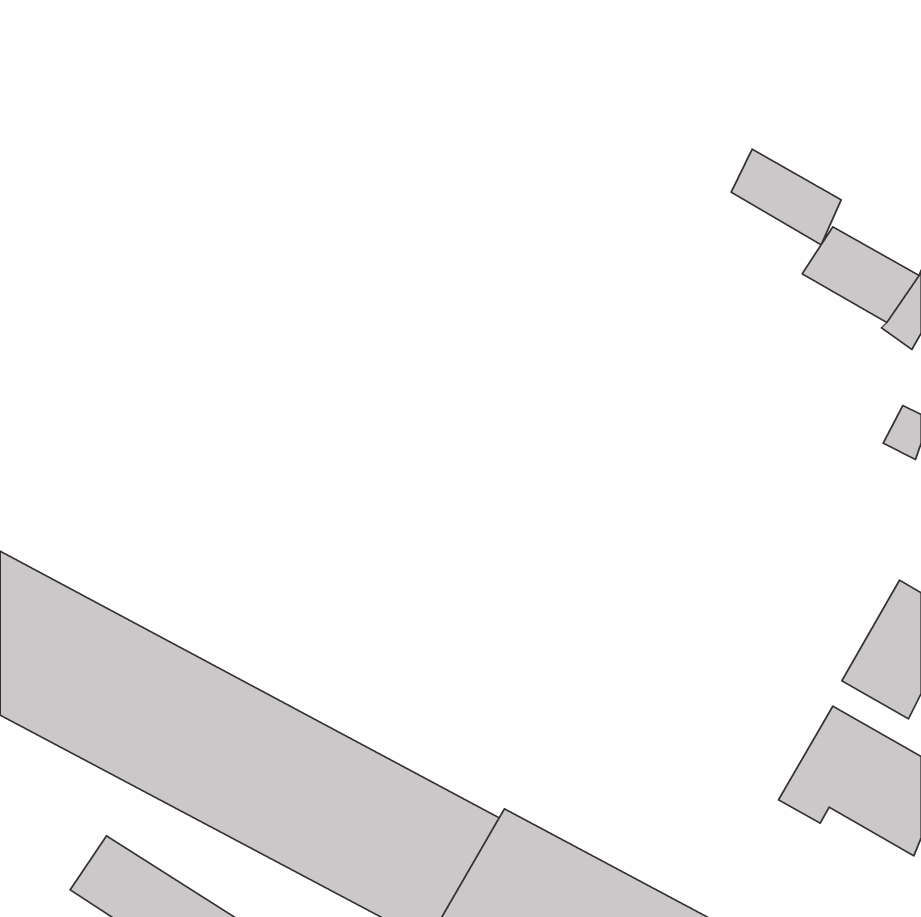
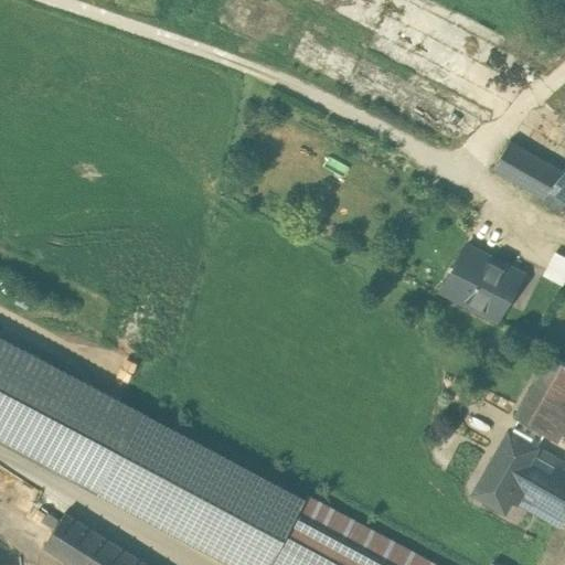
building: [731,149,841,245] -> none
building: none -> [441,247,520,320]

